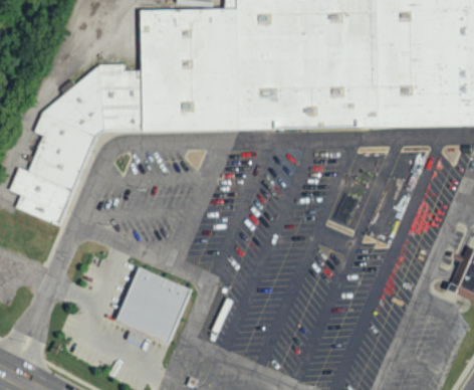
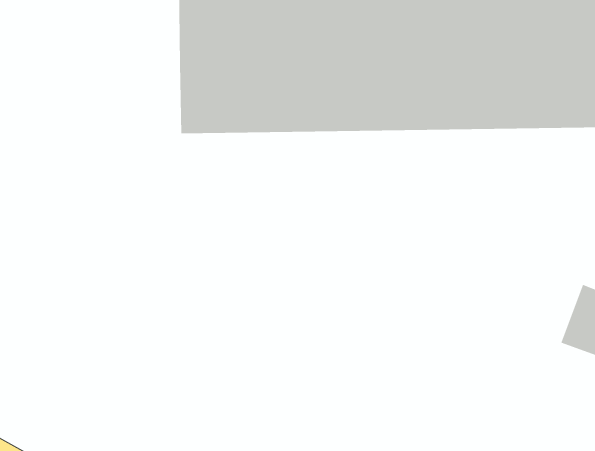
building: [12,64,145,222] -> none
building: [116,265,192,341] -> none

